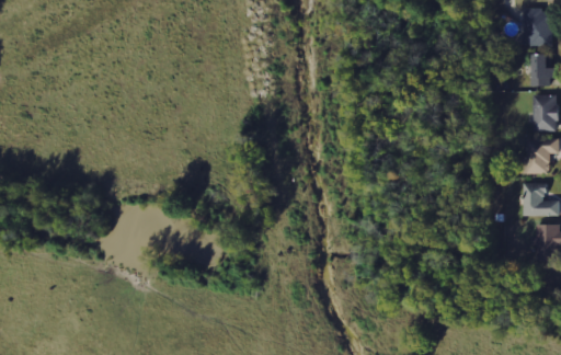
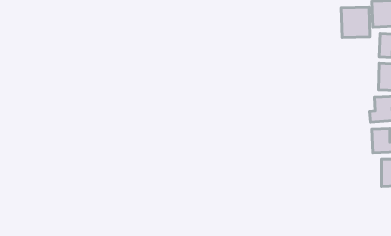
building: none -> [341,7,370,38]

